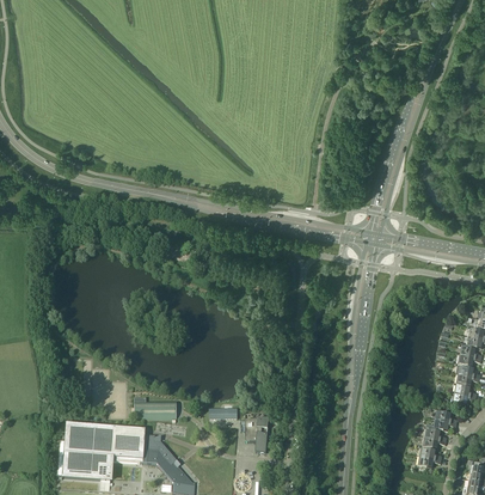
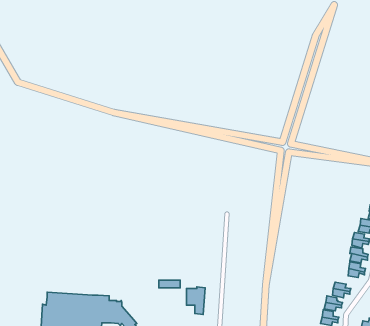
building: [131,397,174,418] -> none

